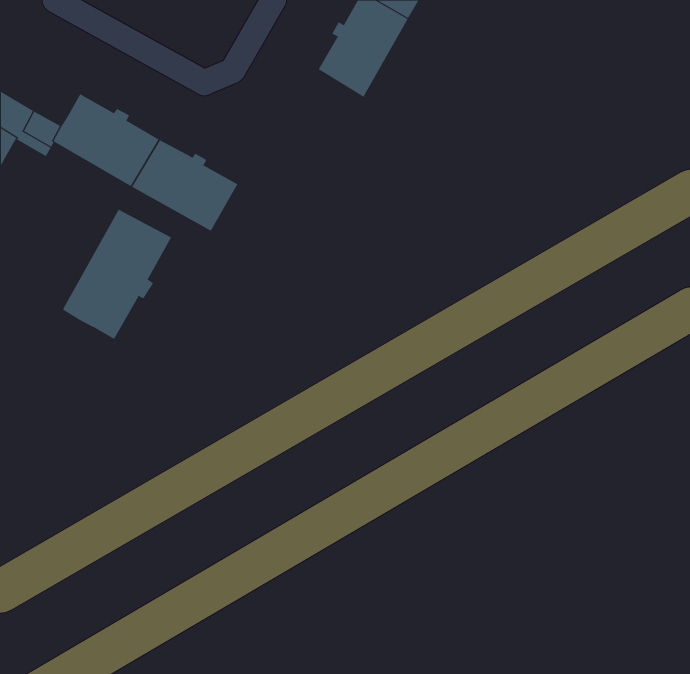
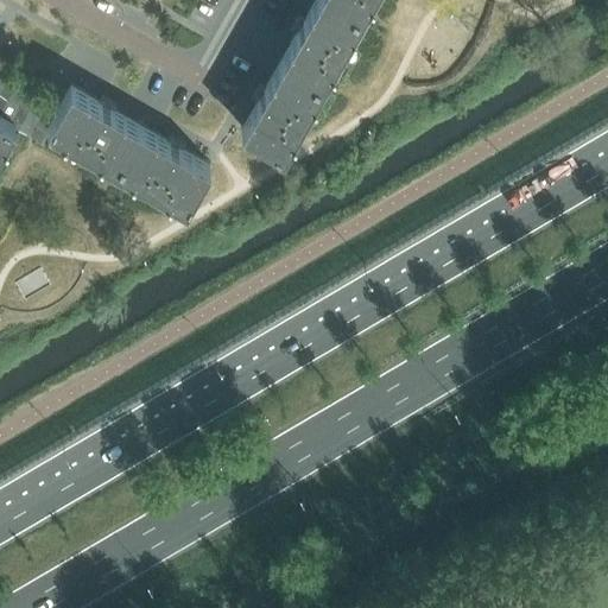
building: none -> [242,76,321,165]
building: [62,209,172,340] -> none

